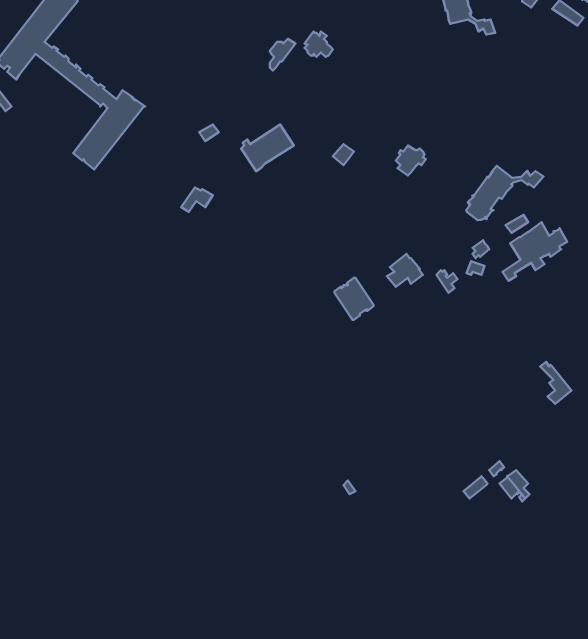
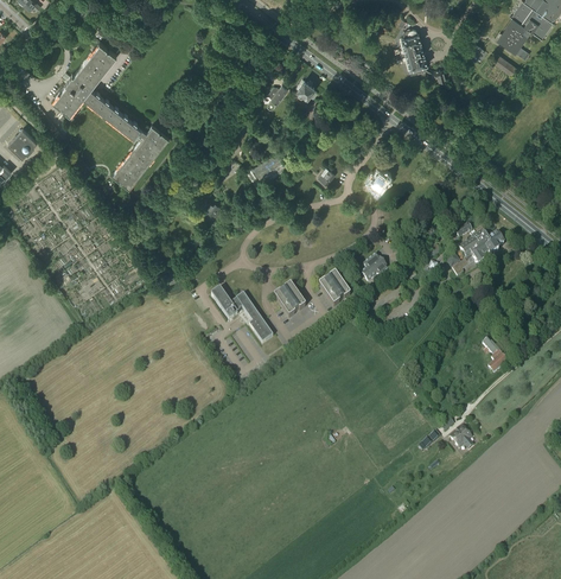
building: [466,166,543,220] -> none
building: none -> [274,285,305,318]
building: none -> [211,288,273,343]

